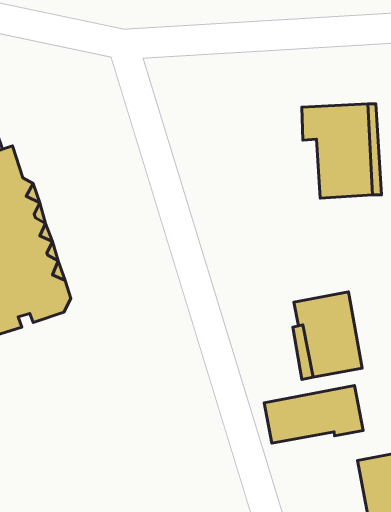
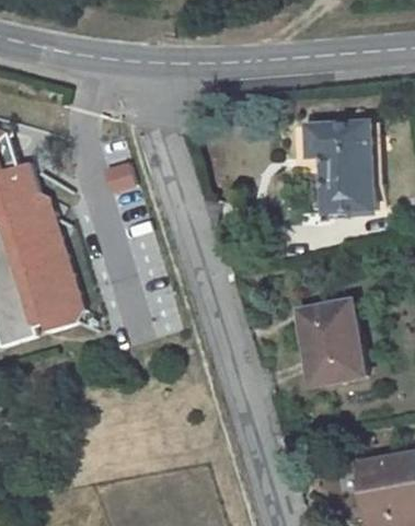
building: [264,385,363,443] -> none

